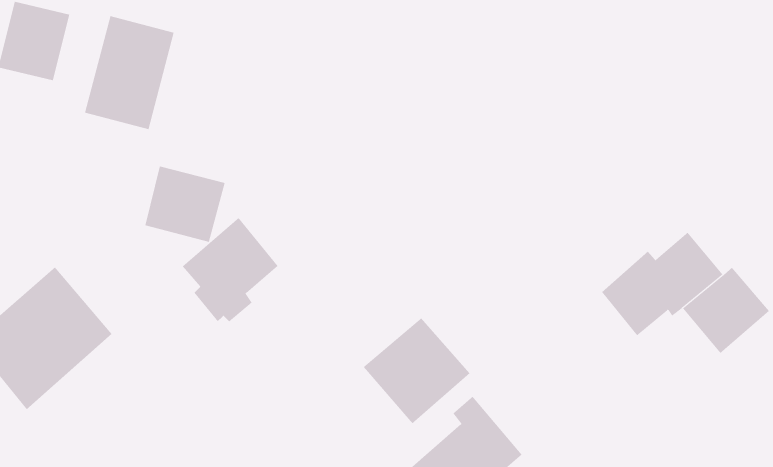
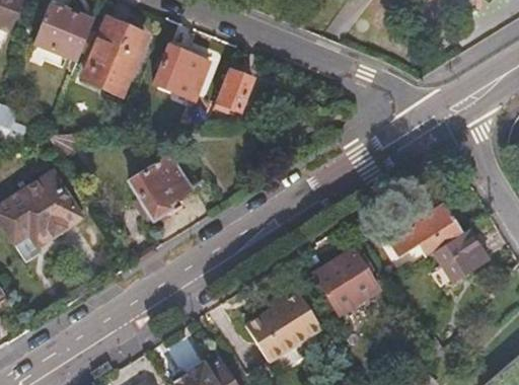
building: none -> [214,70,252,110]
building: [145,166,226,243] -> [156,47,210,98]
building: [363,318,471,424] -> [313,249,379,314]

